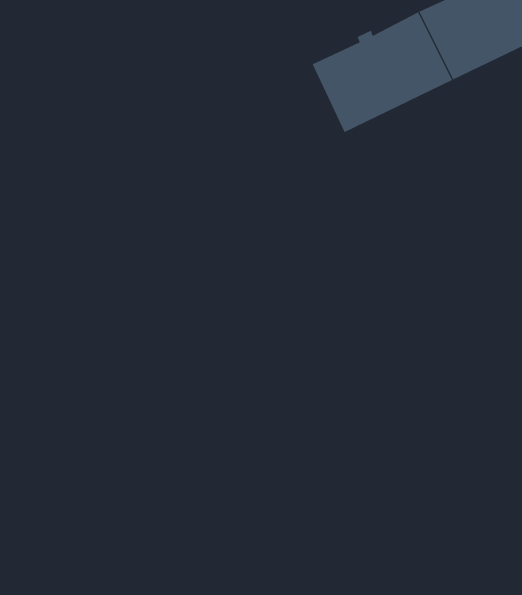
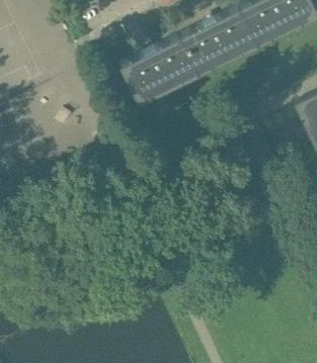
building: none -> [117,37,195,105]

